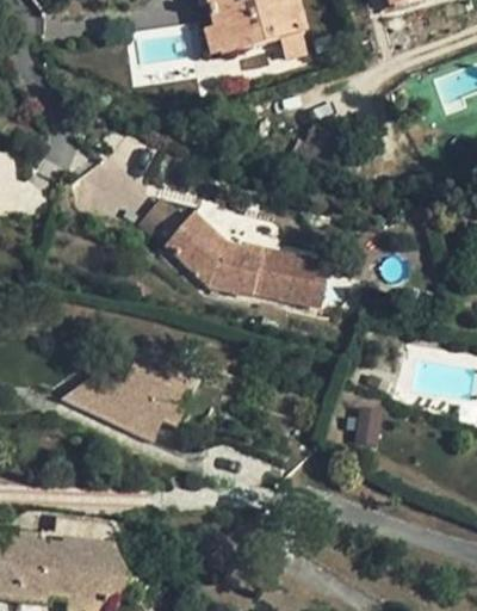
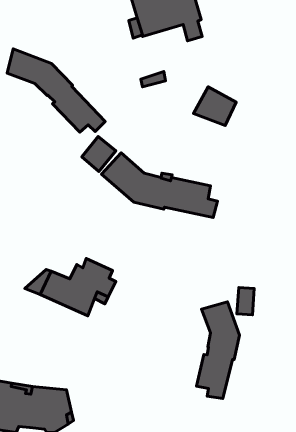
building: none -> [7,49,105,132]
building: none -> [196,302,240,399]

